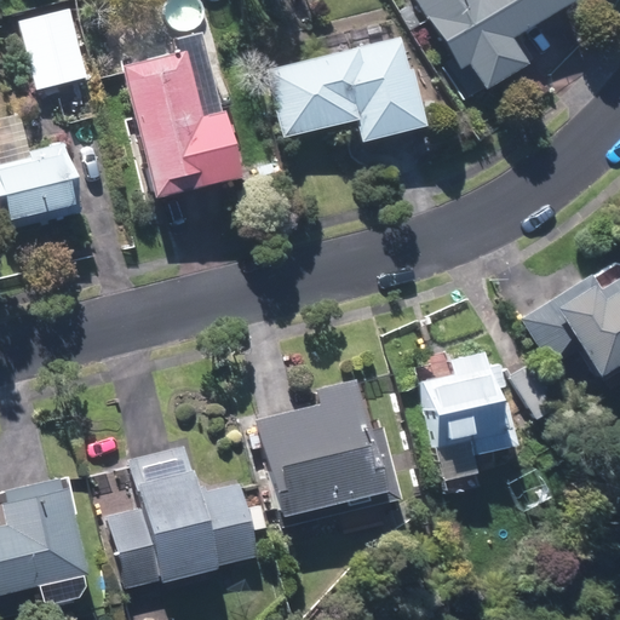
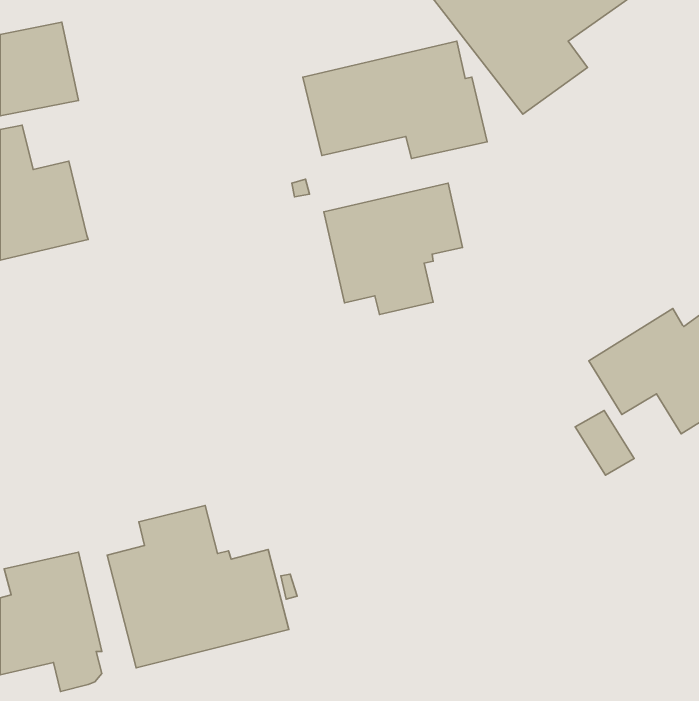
building: [126,30,246,195] -> none
building: none -> [324,183,463,315]
building: [418,350,512,457] -> none
building: [257,380,402,535] -> none

